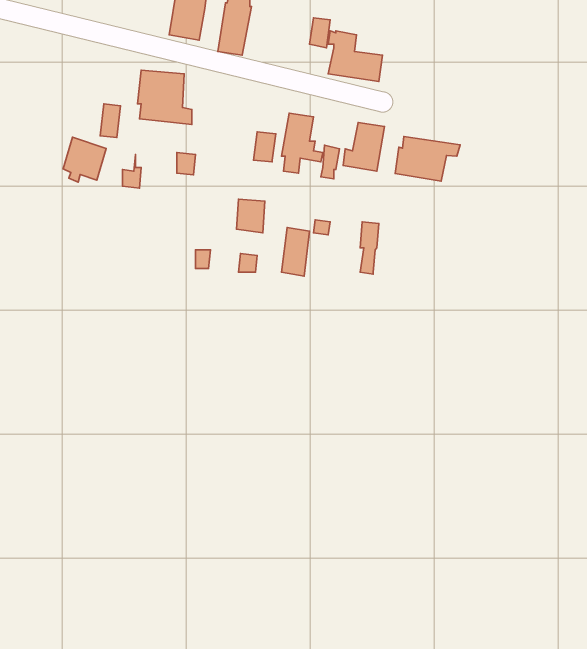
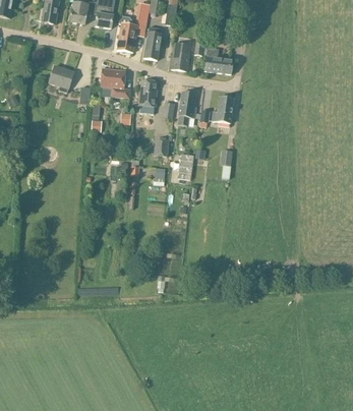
building: none -> [171,43,191,70]
building: none -> [139,78,158,113]
building: [395,136,460,181] -> none
building: [63,137,106,182] -> [50,64,73,89]

